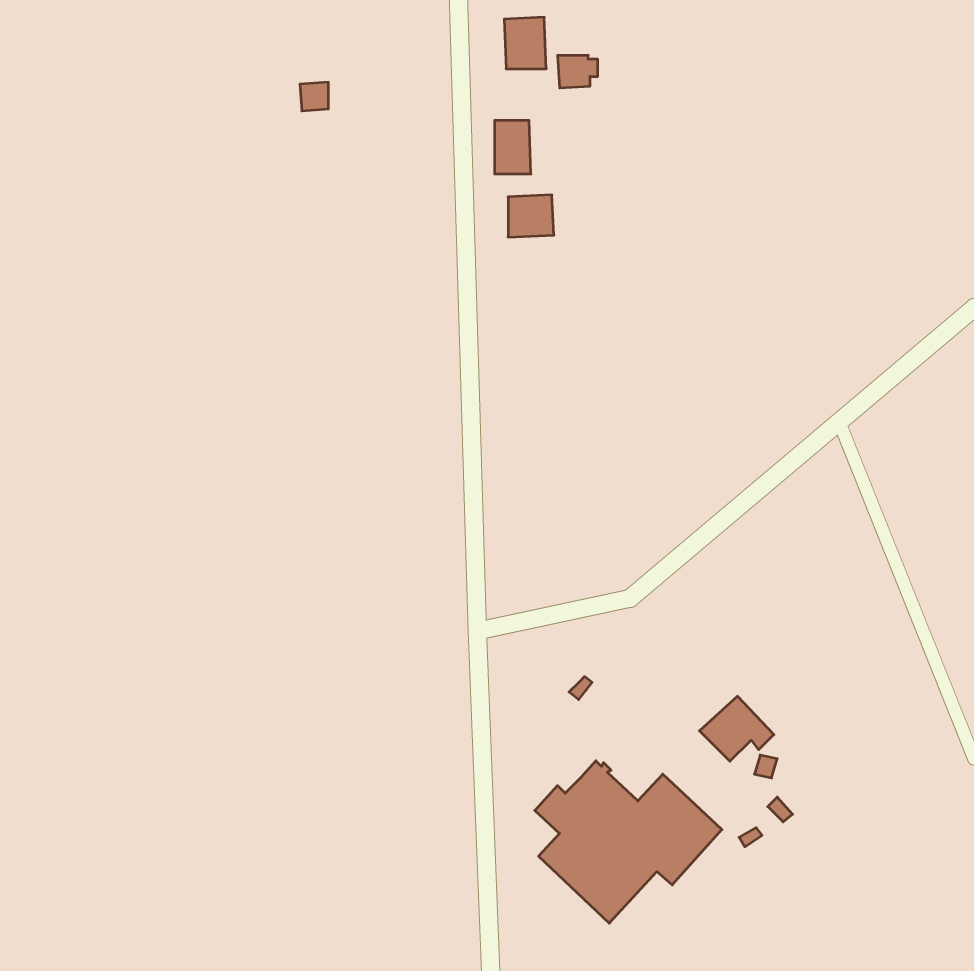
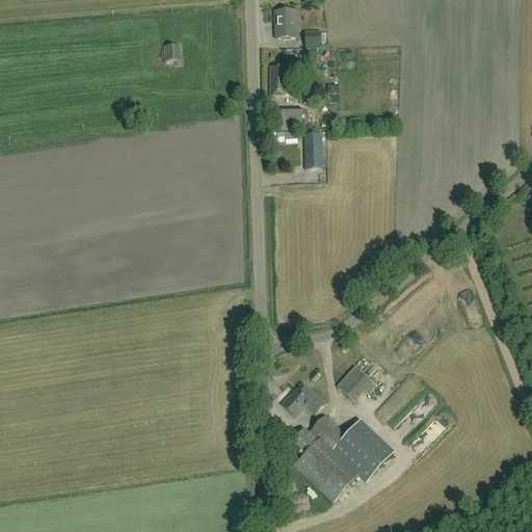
building: none -> [303,133,321,169]
building: [699,696,774,761] -> [338,364,378,399]
building: none -> [280,381,325,418]

